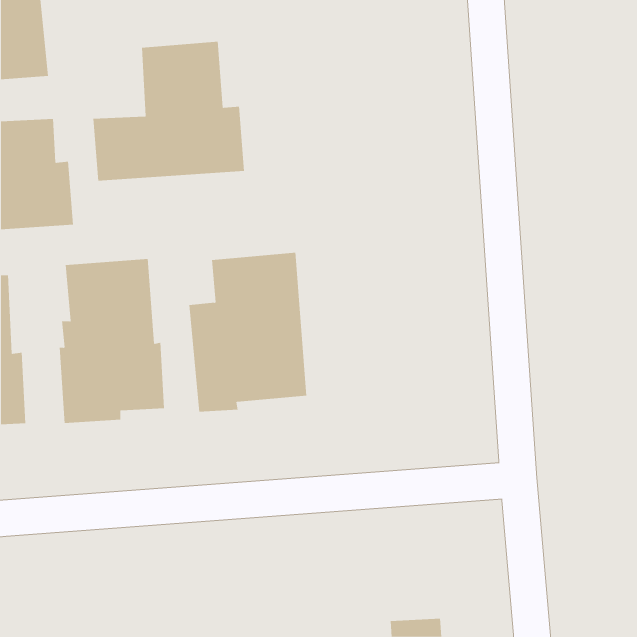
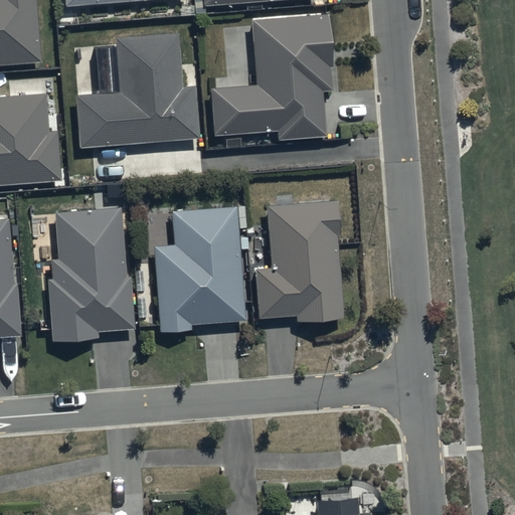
building: none -> [210,15,332,141]
building: none -> [254,203,343,323]

